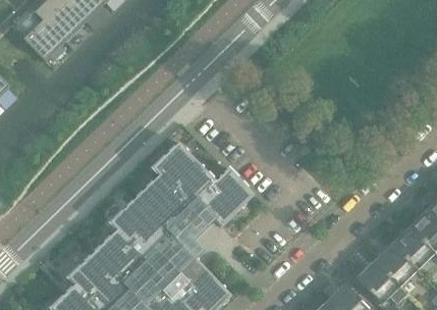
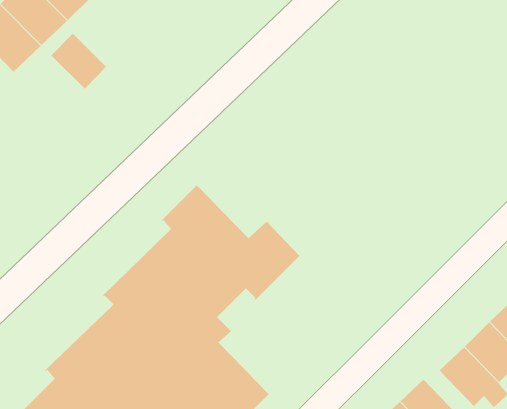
building: none -> [51,33,107,90]

